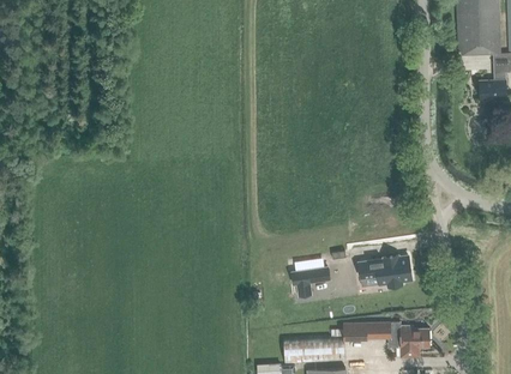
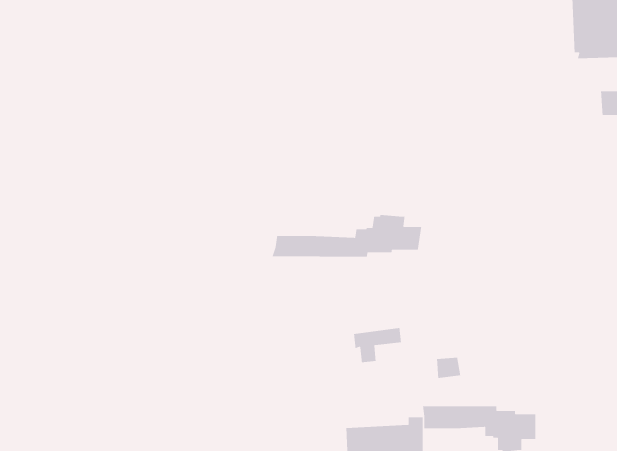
building: none -> [271,214,422,257]
building: [361,257,414,286] -> none

